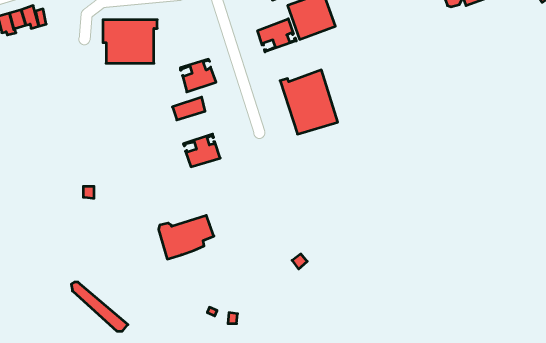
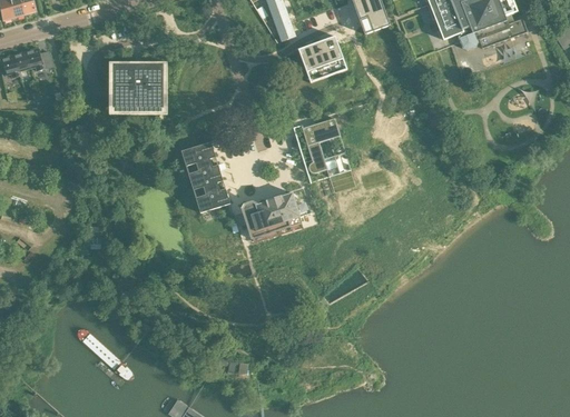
building: [258,19,296,52] -> none
building: [180,59,216,92] -> [185,156,222,189]
building: [159,215,214,259] -> [242,193,298,238]

